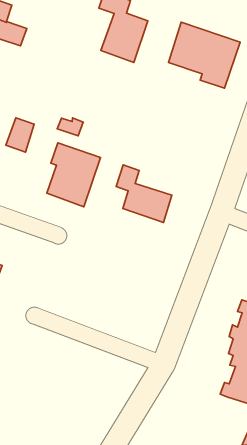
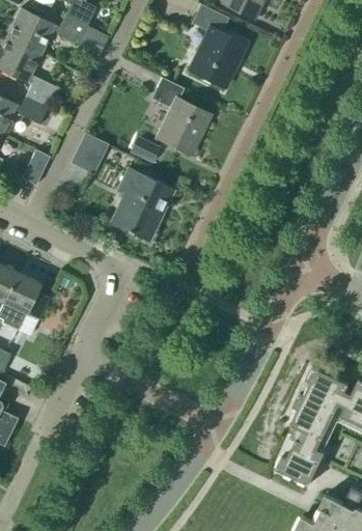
building: [168,22,240,88] -> none
building: none -> [151,77,211,152]
building: [116,165,172,223] -> none

